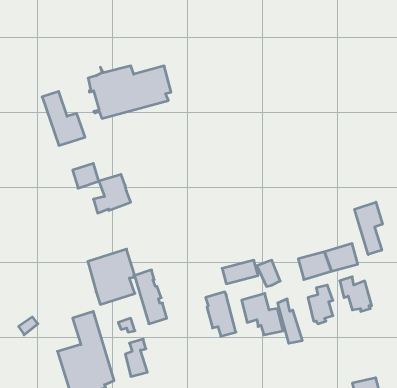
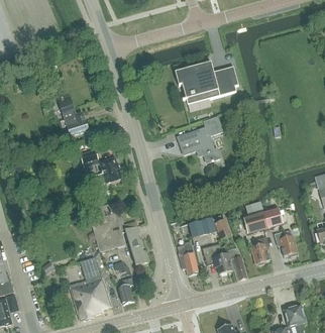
building: [88,66,171,118] -> [178,66,238,104]
building: none -> [178,116,222,161]
building: [355,202,382,255] -> none

